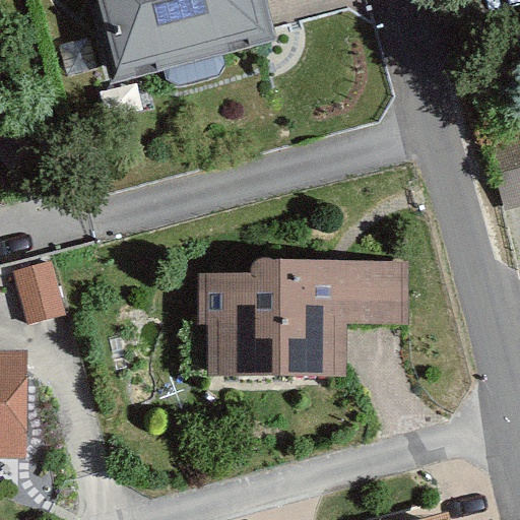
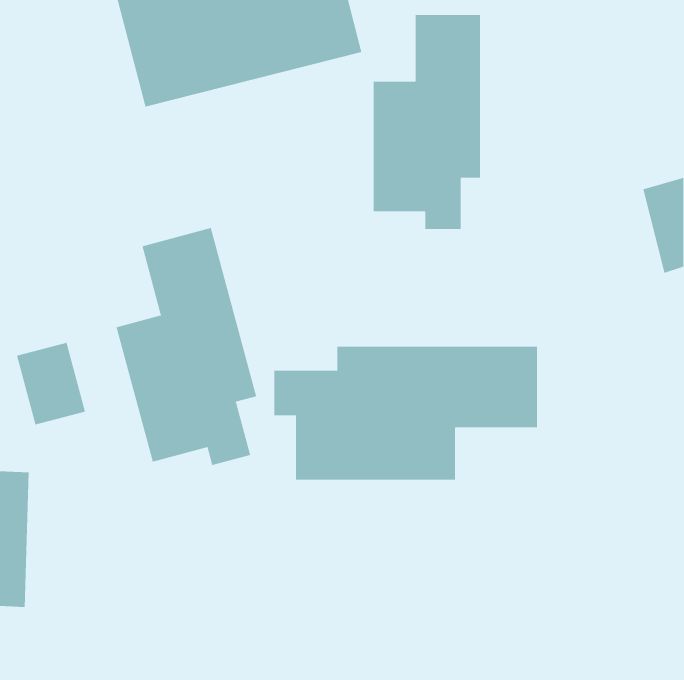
building: none -> [373,14,481,230]
building: none -> [116,227,257,466]

